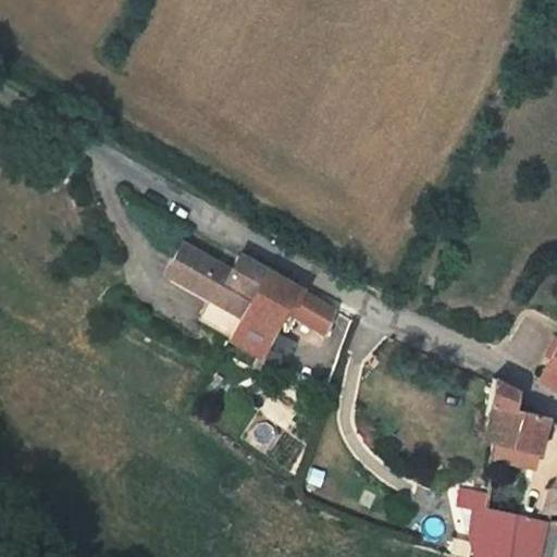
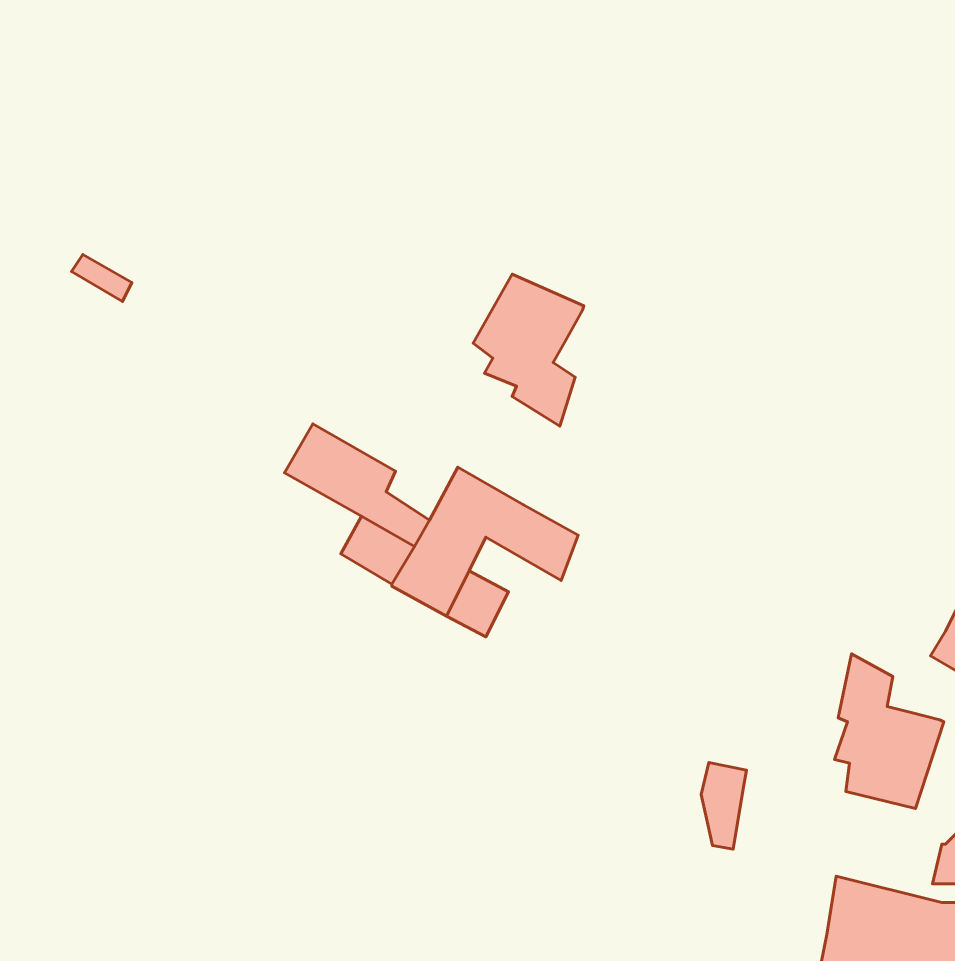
building: none -> [473,274,584,426]
building: [227,256,269,301] -> none
building: [463,491,490,541] -> [701,763,746,849]

